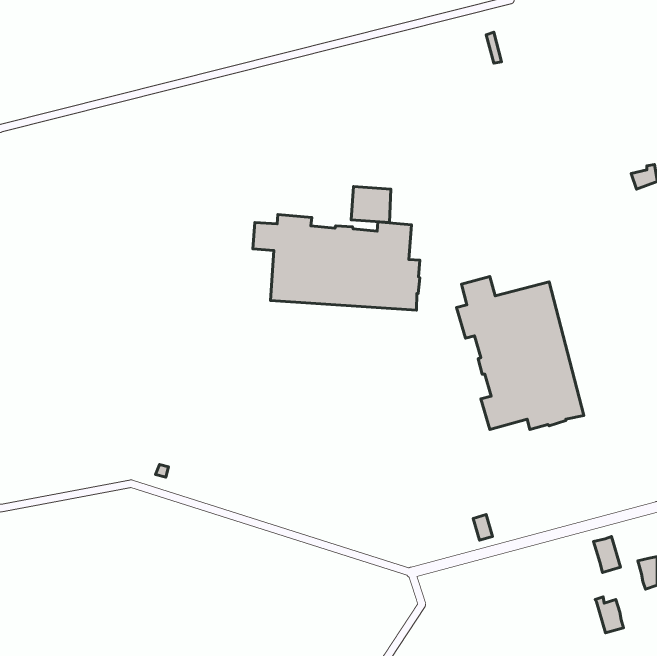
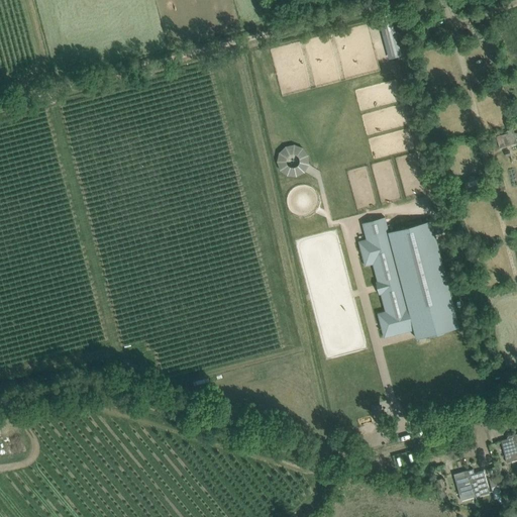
building: [253,214,420,310] -> none
building: [594,536,621,572] -> [454,474,476,502]

